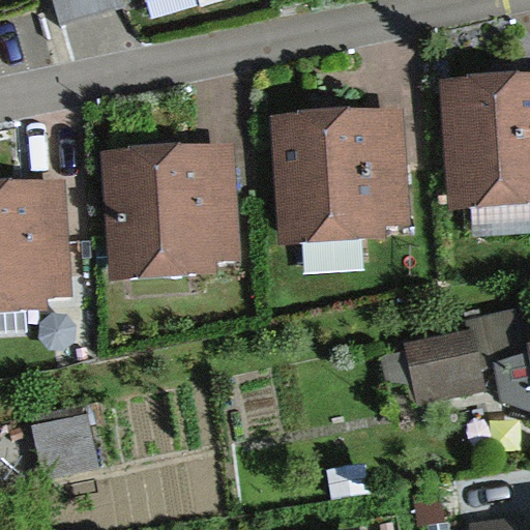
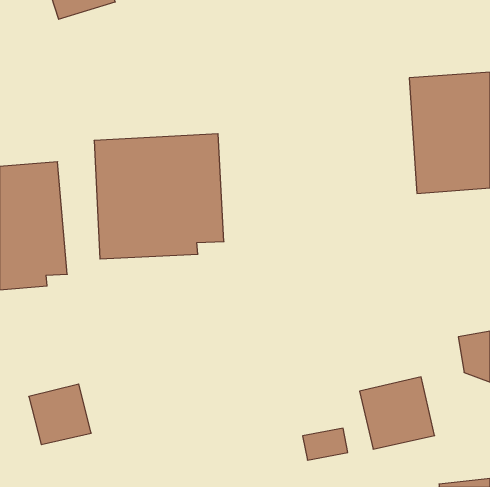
building: [271,110,408,242] -> none
building: [404,328,484,406] -> [360,377,435,449]

